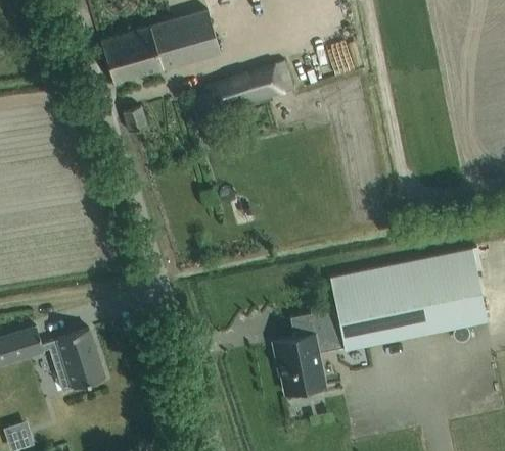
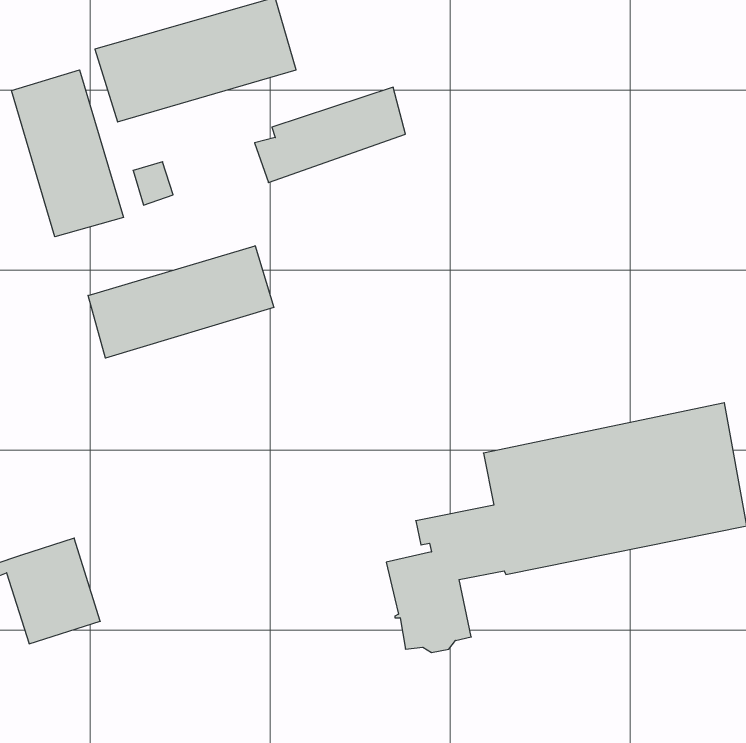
building: none -> [12,70,124,237]
building: none -> [88,246,274,358]

